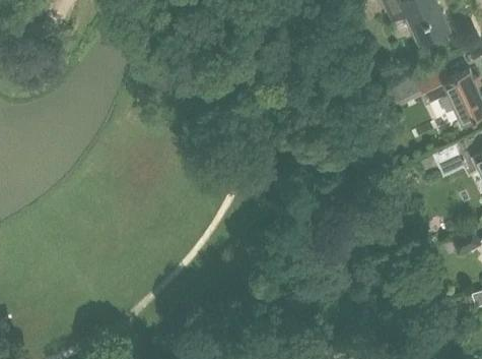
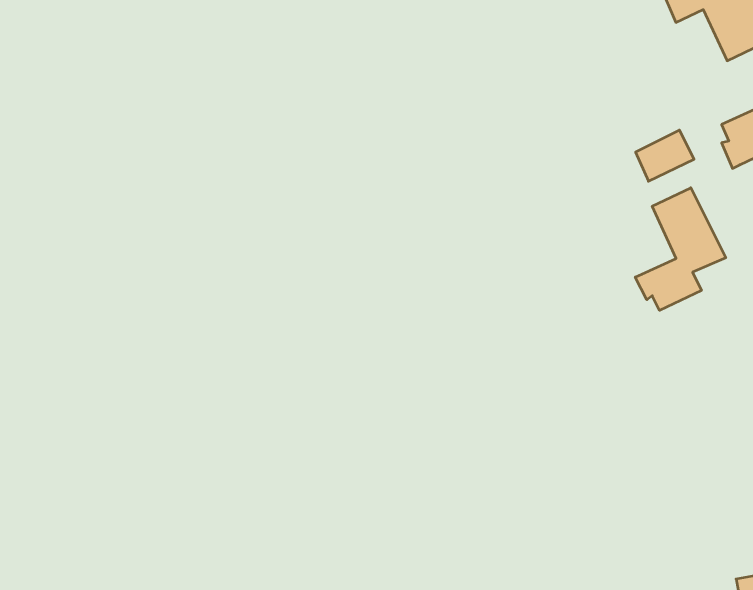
building: none -> [635,188,726,310]

